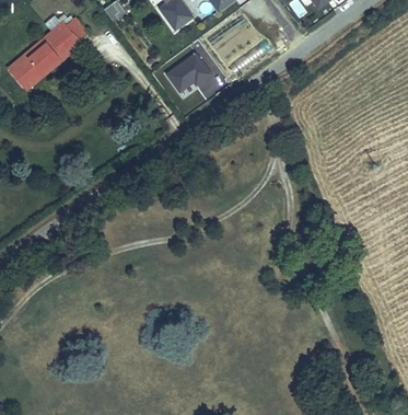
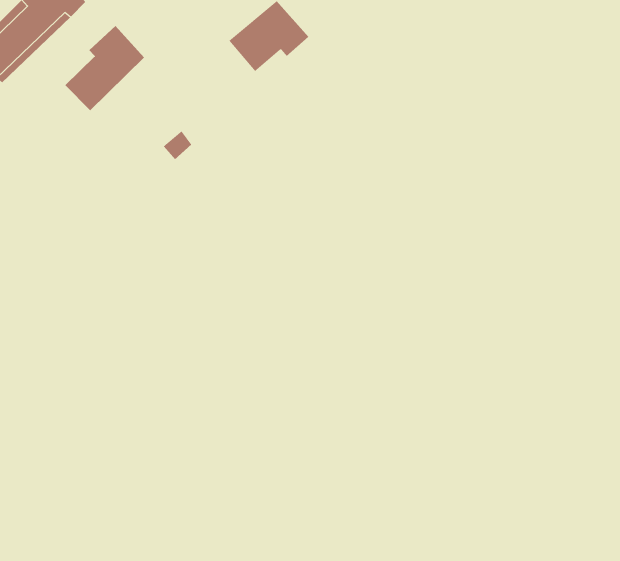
building: none -> [64,25,145,111]

